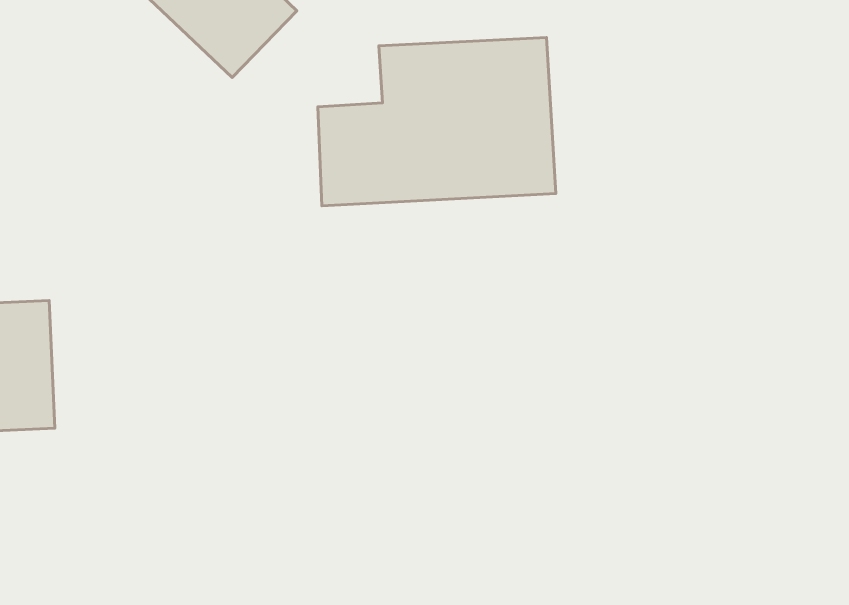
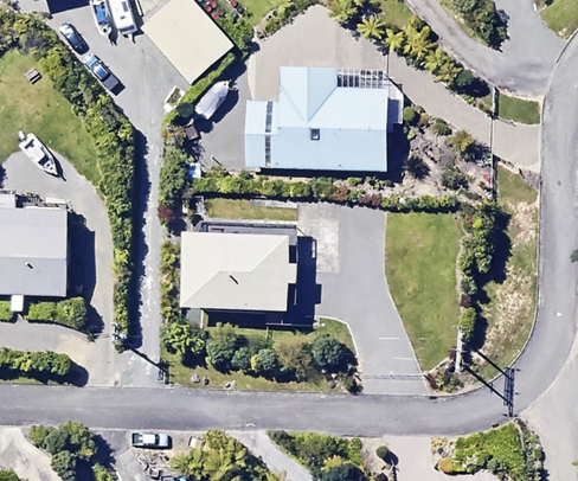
building: none -> [174,235,288,315]

